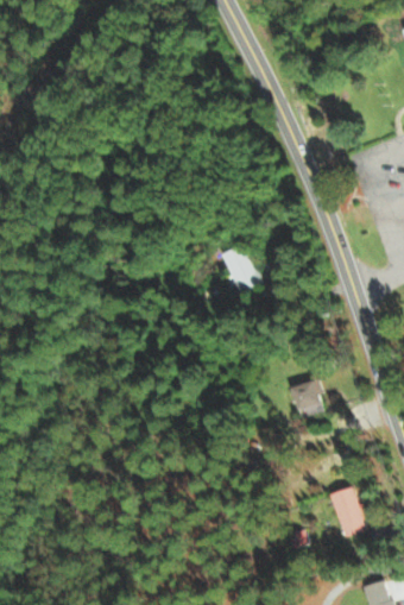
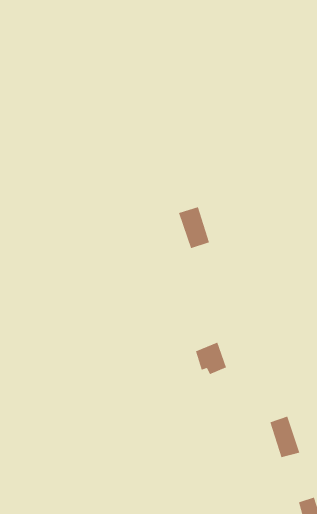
building: [291,377,328,415] -> [195,342,227,375]

